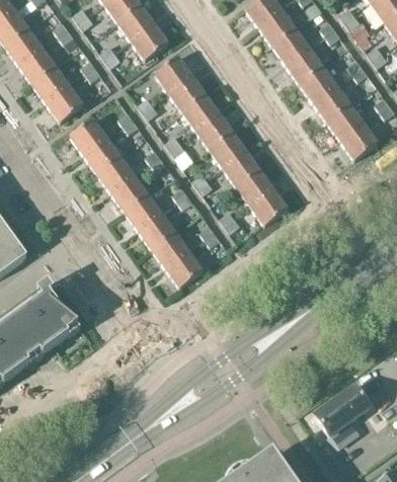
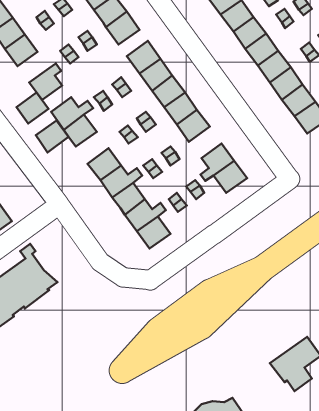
building: [31,67,67,101] -> [16,92,48,123]
building: [222,150,258,185] -> none
building: [96,156,133,191] -> [36,120,68,152]

